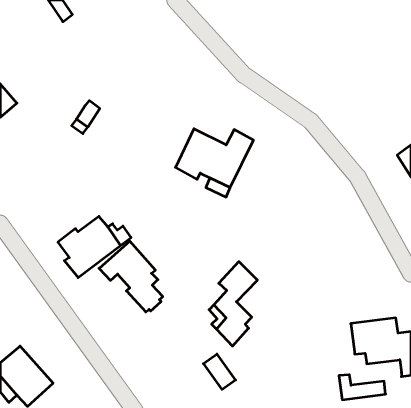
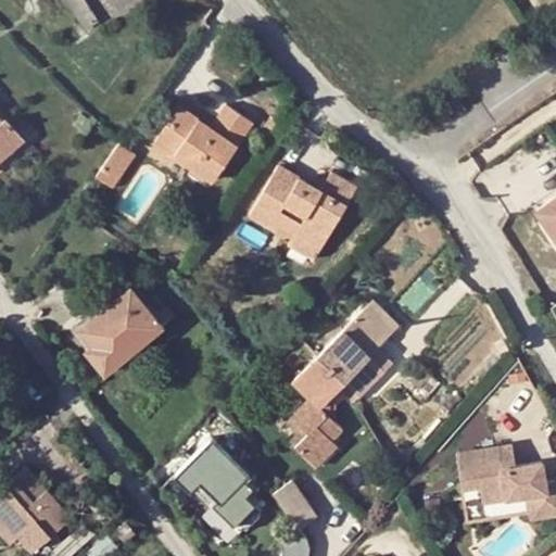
building: none -> [149,99,244,176]
building: none -> [323,305,396,396]
building: [99,241,163,312] -> [170,437,256,532]
building: [339,375,386,400] -> [479,481,542,515]

